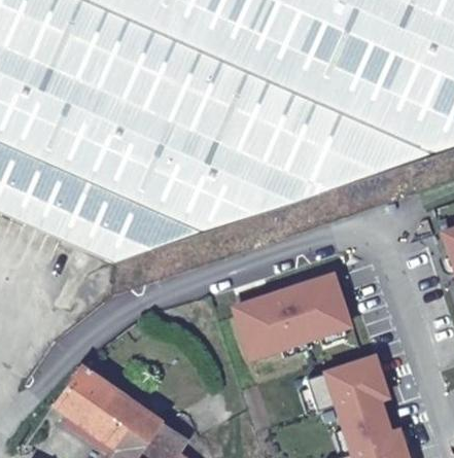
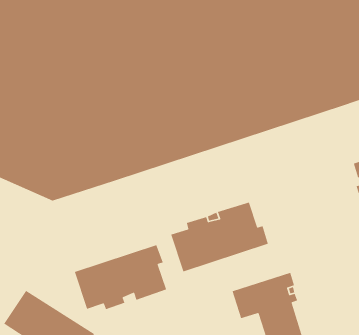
building: none -> [74,244,167,310]

